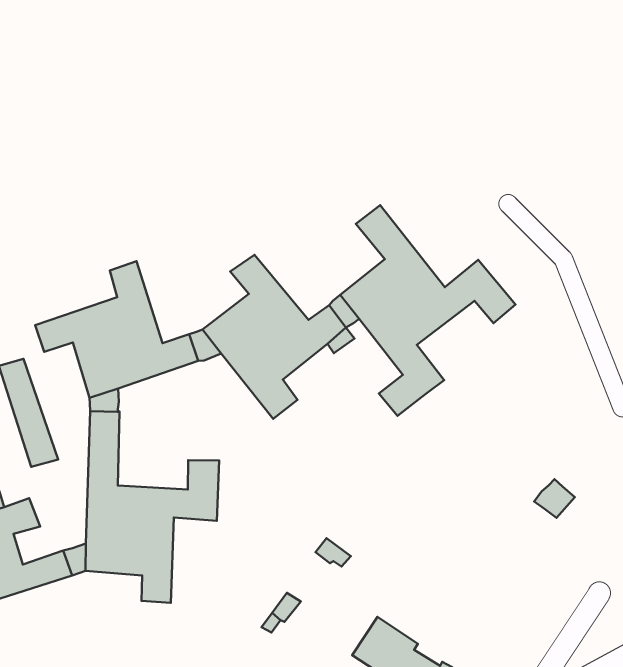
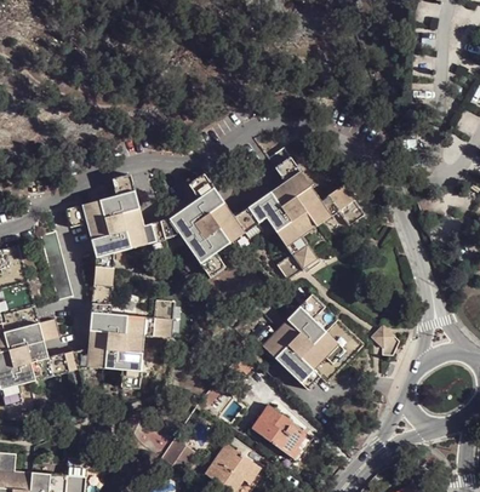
building: none -> [253,293,362,389]

